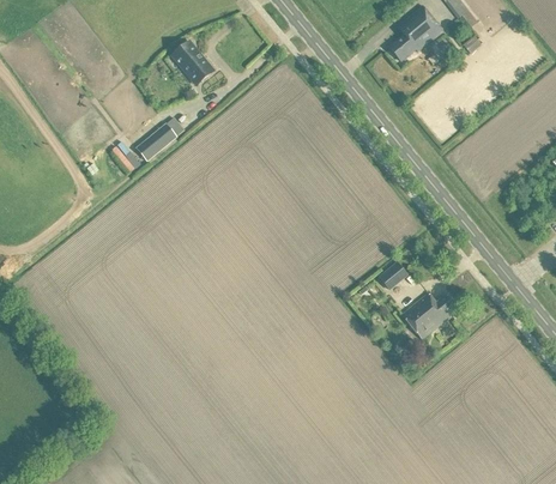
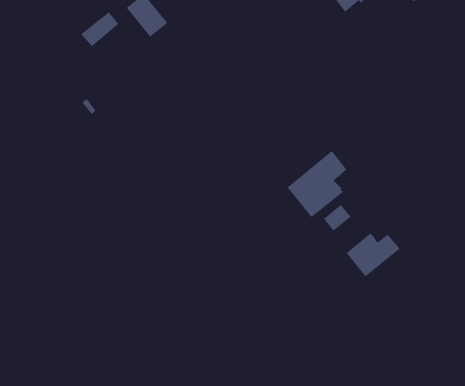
building: [134,125,175,162] -> [81,11,119,47]
building: none -> [287,150,347,218]

